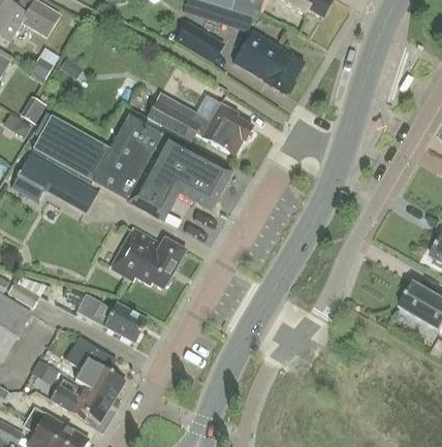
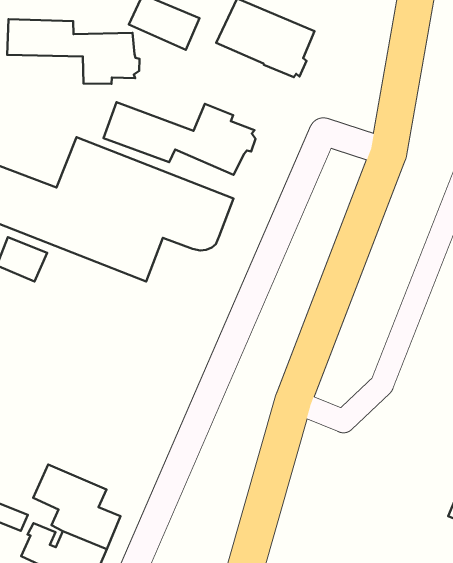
building: none -> [7,19,140,84]
building: [110,226,185,288] -> none
building: [76,294,146,341] -> none

